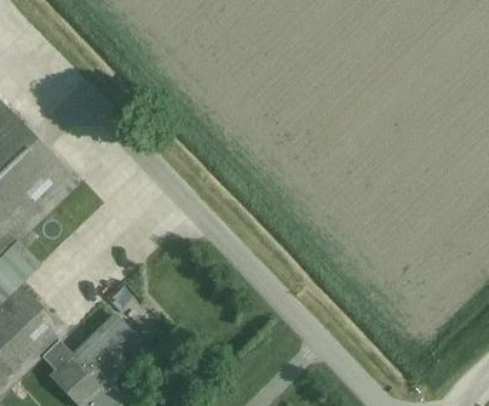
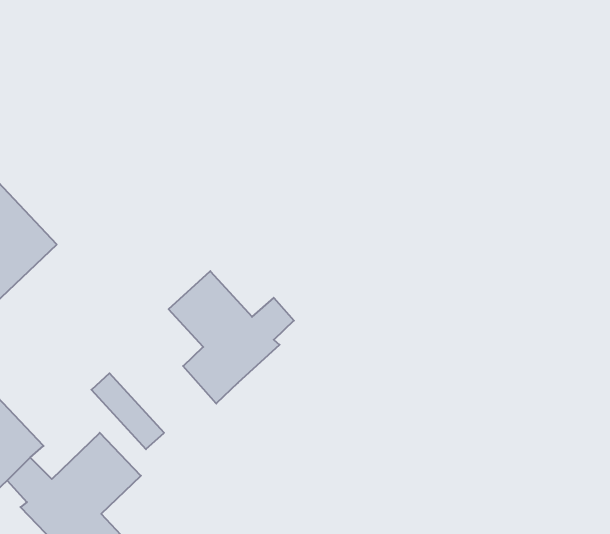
building: none -> [169,271,294,404]

